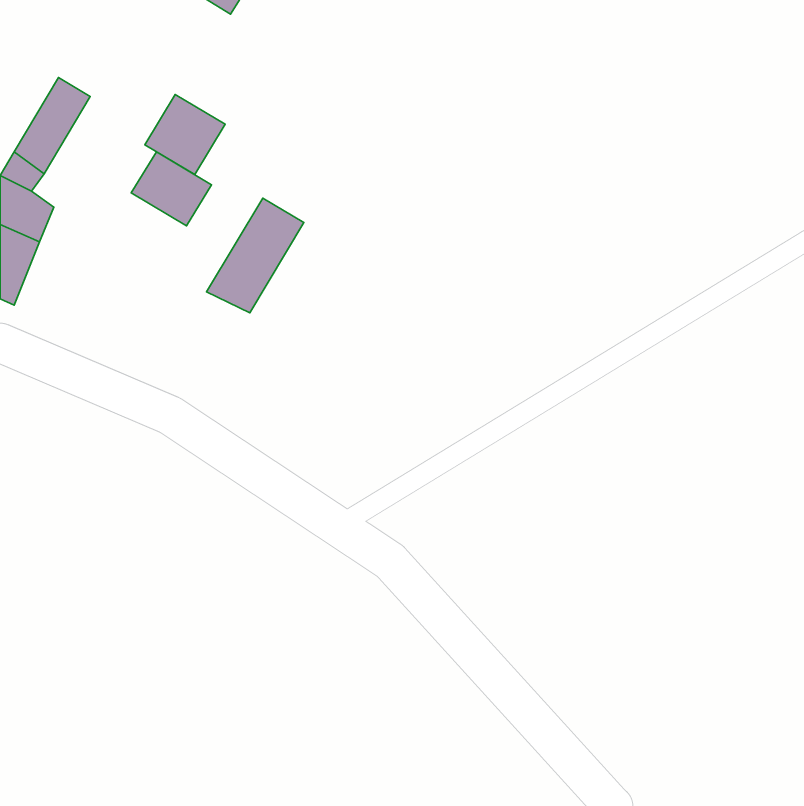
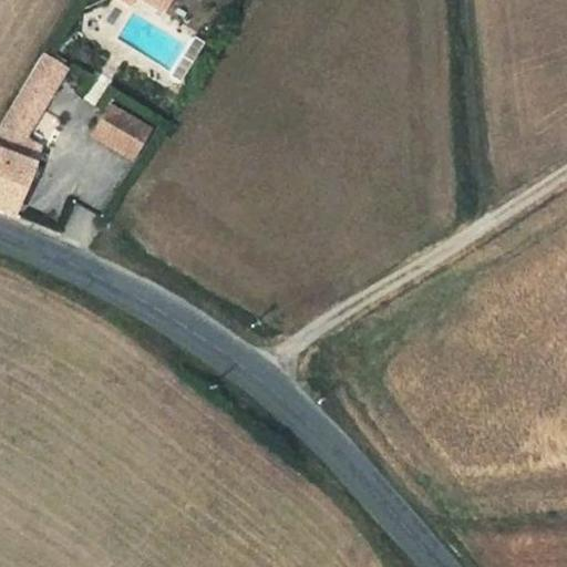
building: [145,95,225,174] -> none
building: [206,198,304,313] -> none

